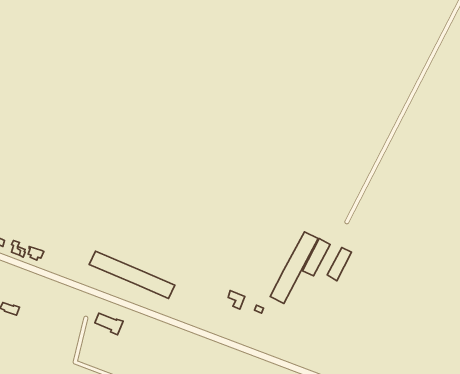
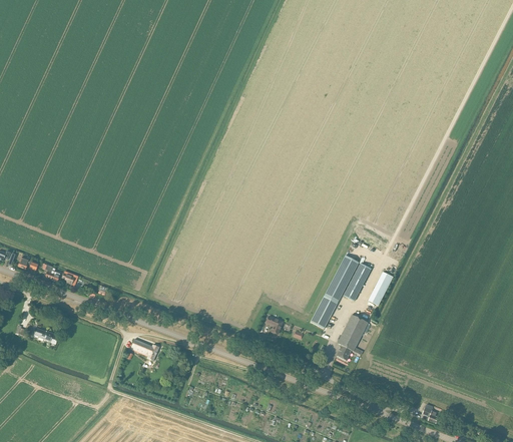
building: [89,251,175,299] -> none
building: none -> [336,314,370,360]

